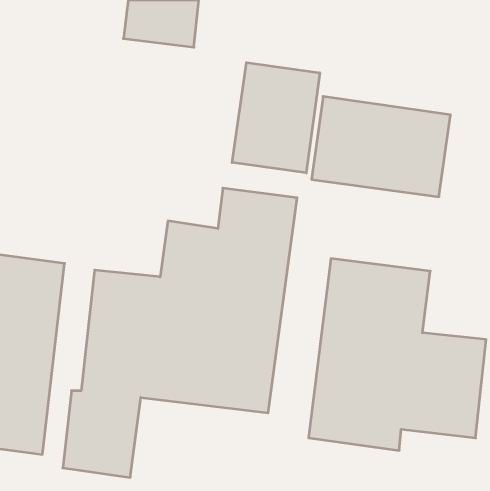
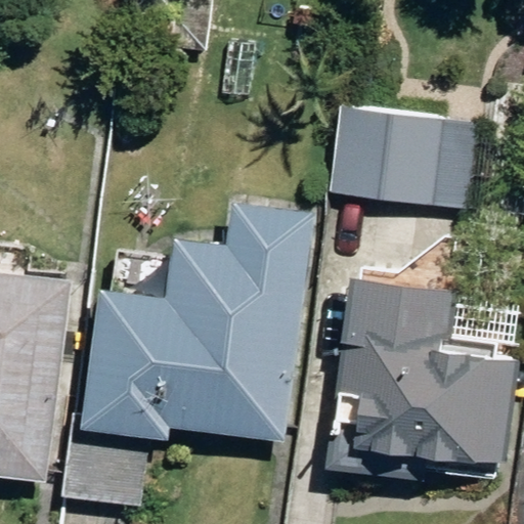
building: [232,63,320,173] -> none

